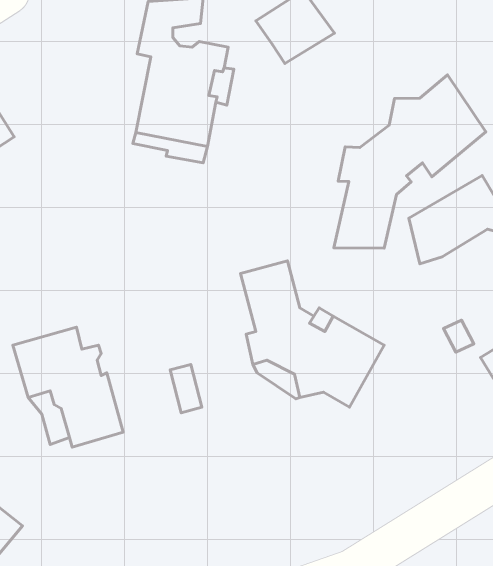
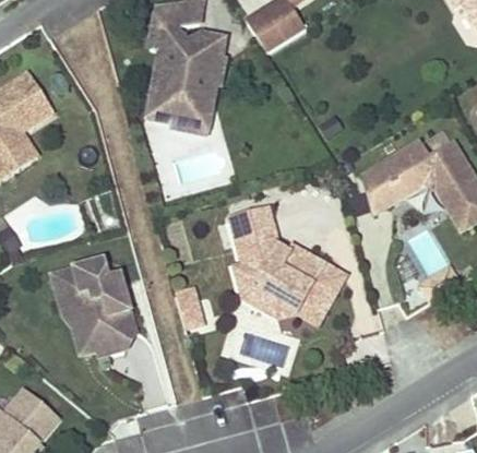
building: [334,75,486,248] -> none

